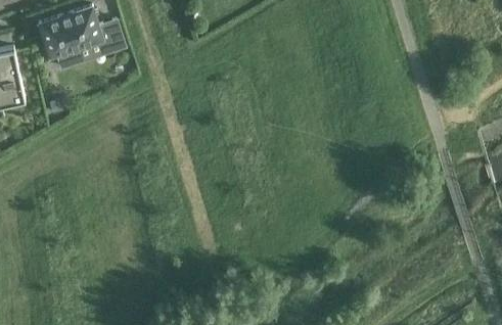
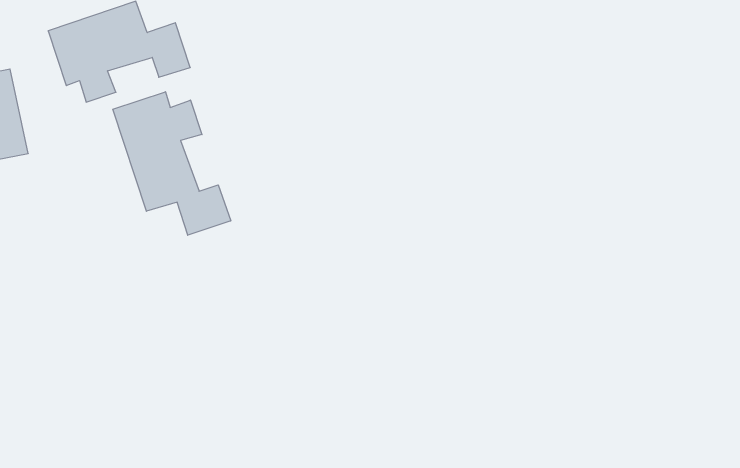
building: none -> [113,92,231,235]

